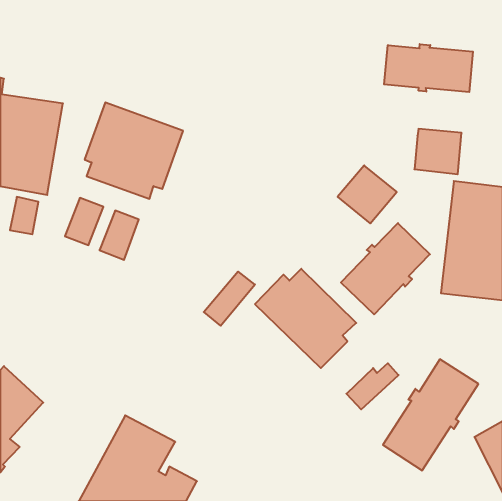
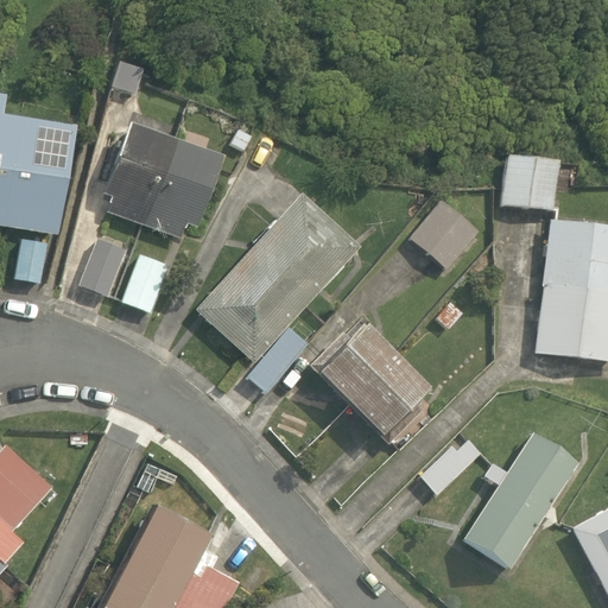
building: [384,44,473,92] -> none
building: none -> [194,194,360,362]
building: [341,223,430,314] -> none

